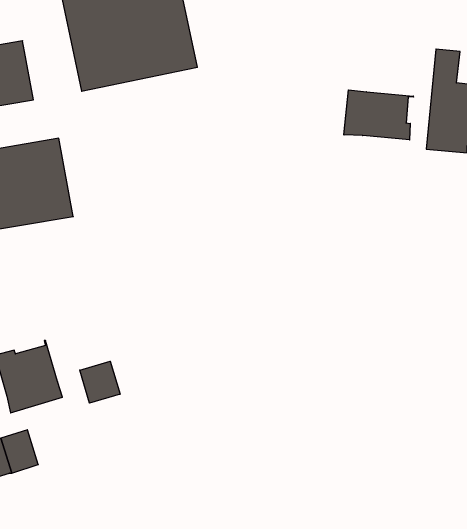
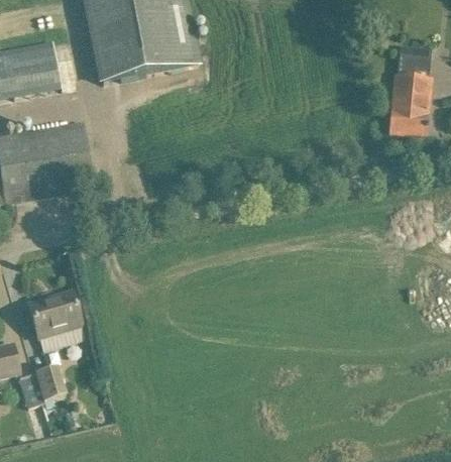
building: [344,90,413,140] -> none
building: [80,361,120,403] -> none

